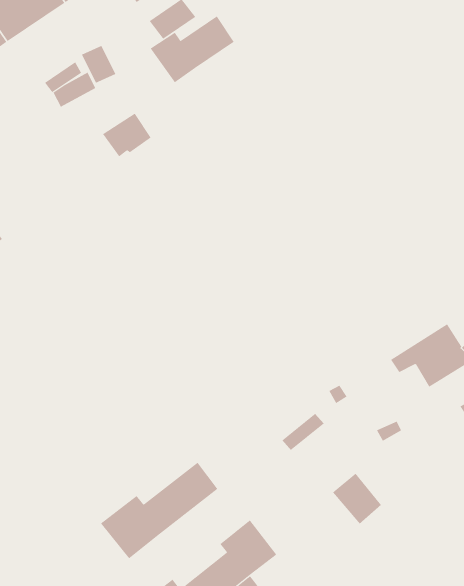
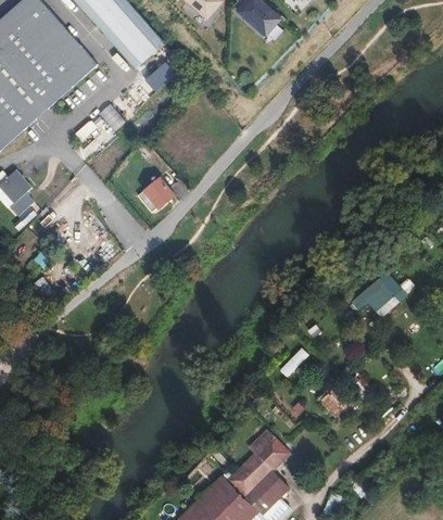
building: [150,16,235,83] -> none
building: [102,113,151,157] -> [137,178,173,212]
building: [100,462,218,559] -> none

